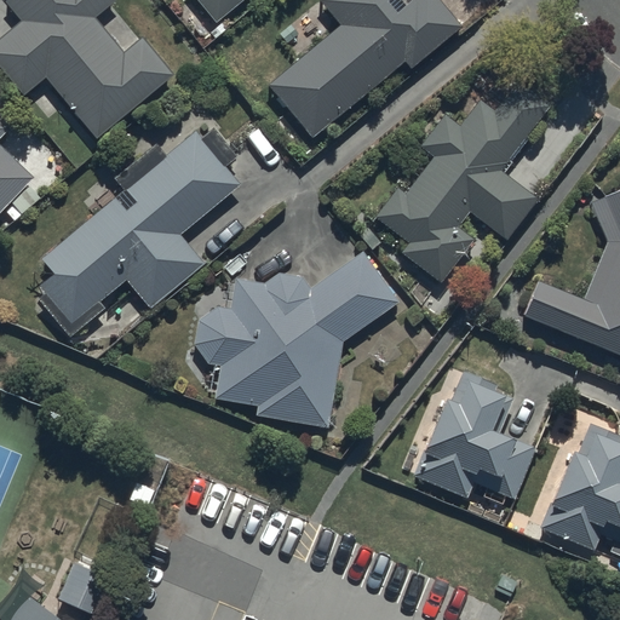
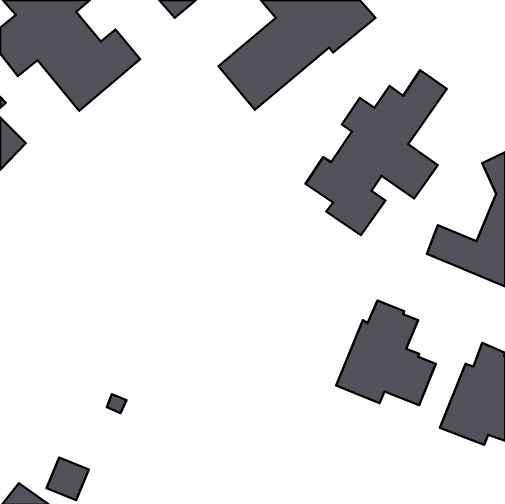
building: [34,128,236,332] -> none
building: [196,257,401,431] -> none

